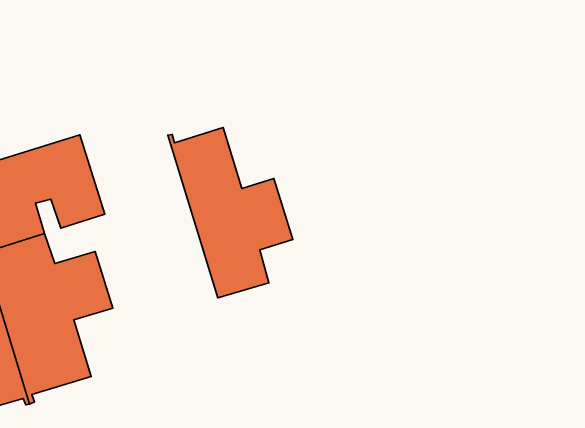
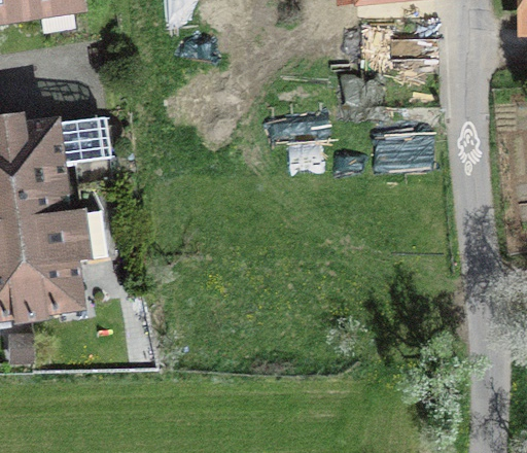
building: [168,127,293,298] -> none

